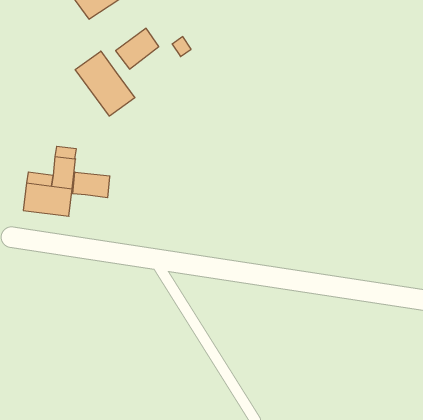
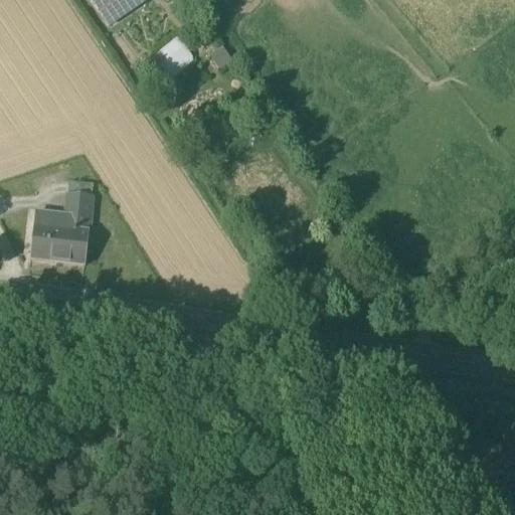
building: [75,51,135,116] -> none
building: [73,172,110,198] -> none

